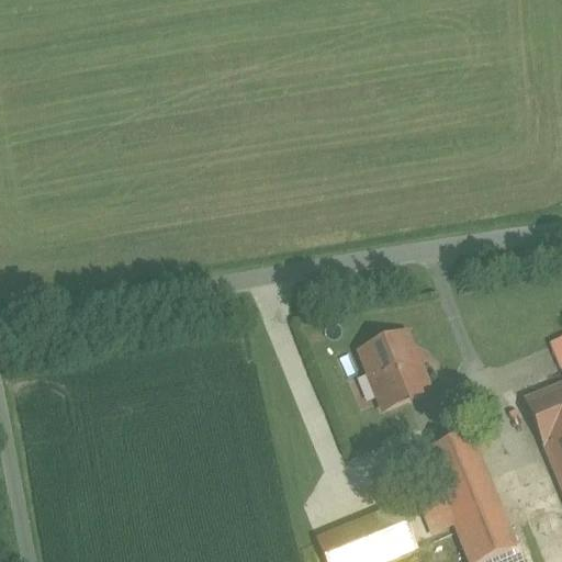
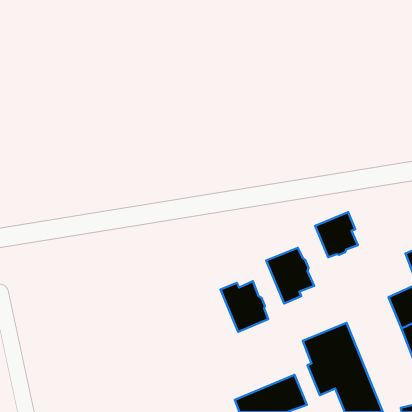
building: none -> [315,212,358,257]
building: none -> [221,281,268,332]

